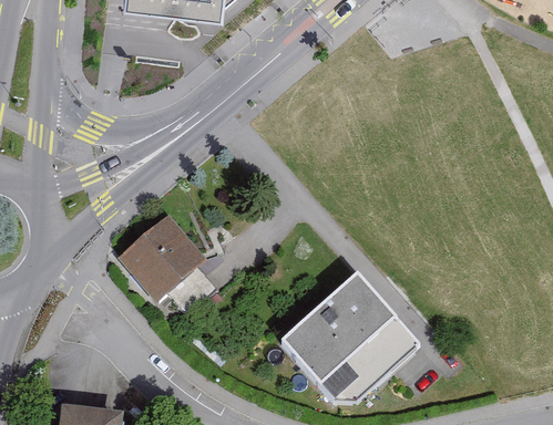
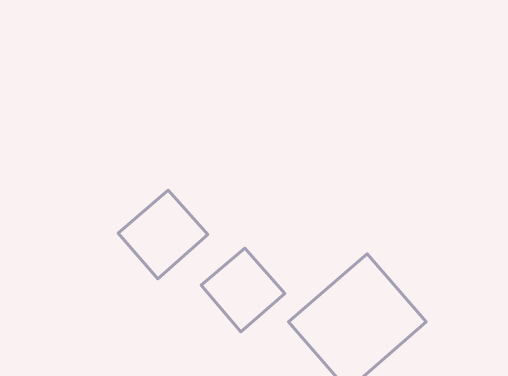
building: none -> [201,248,285,332]

